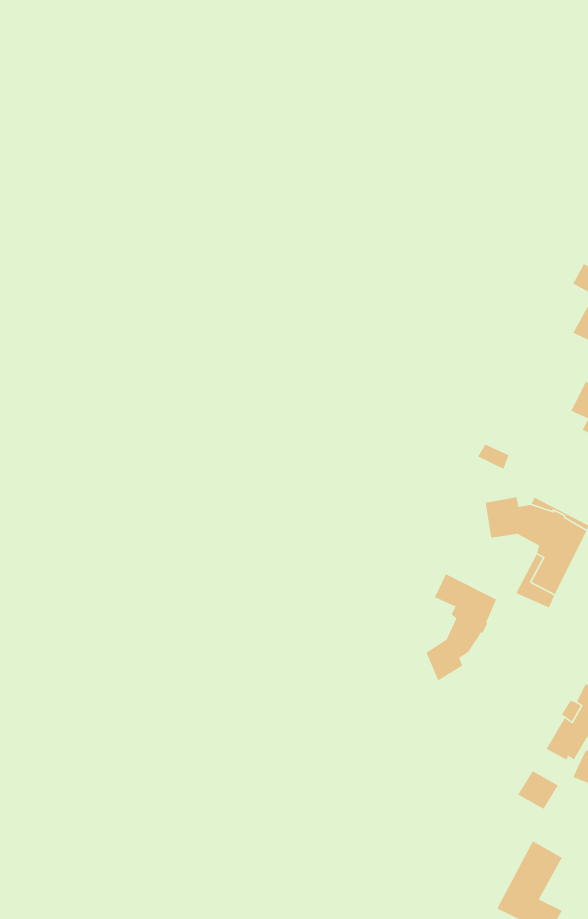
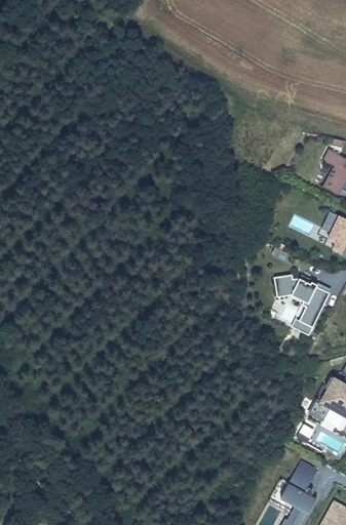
building: [425,573,497,682] -> none

